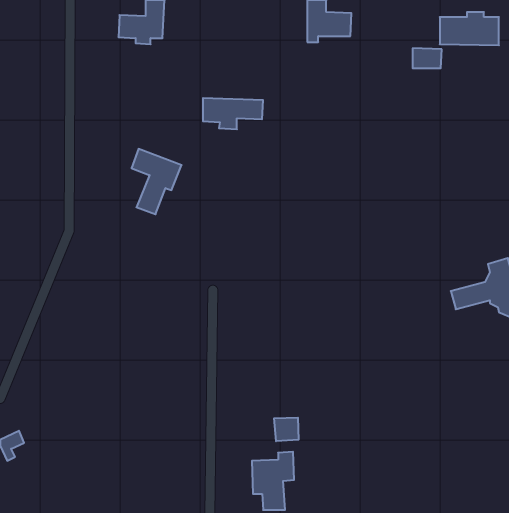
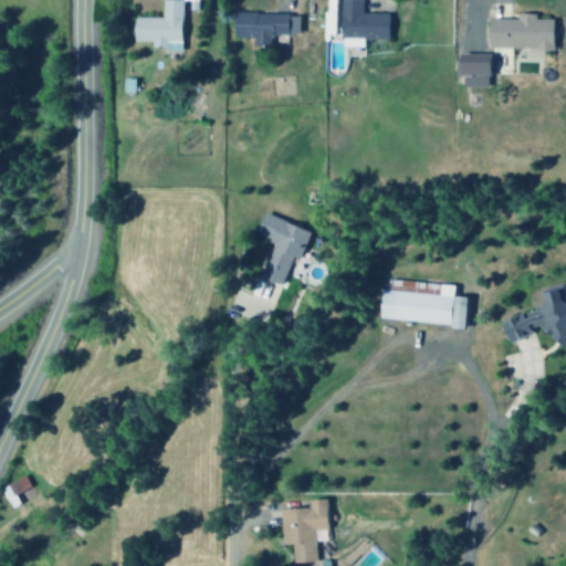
building: [203,98,263,129] -> [235,12,302,46]
building: [131,149,182,214] -> [256,213,312,285]
building: none -> [379,280,467,326]
building: [274,418,299,441] -> none

